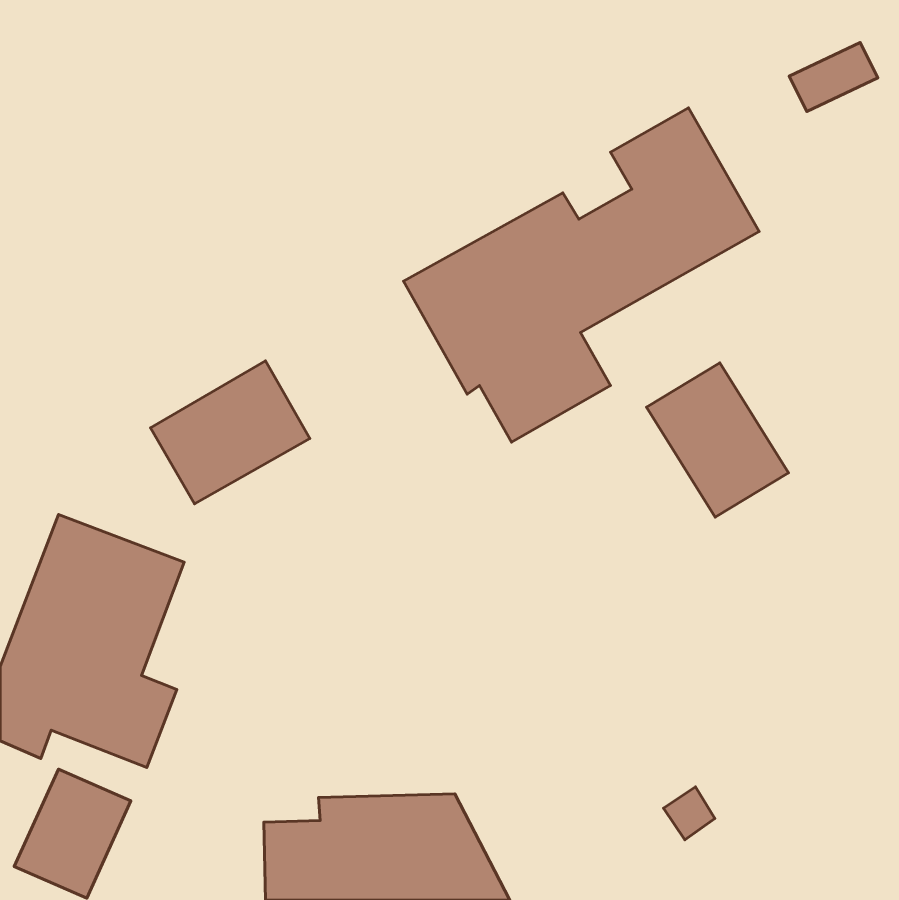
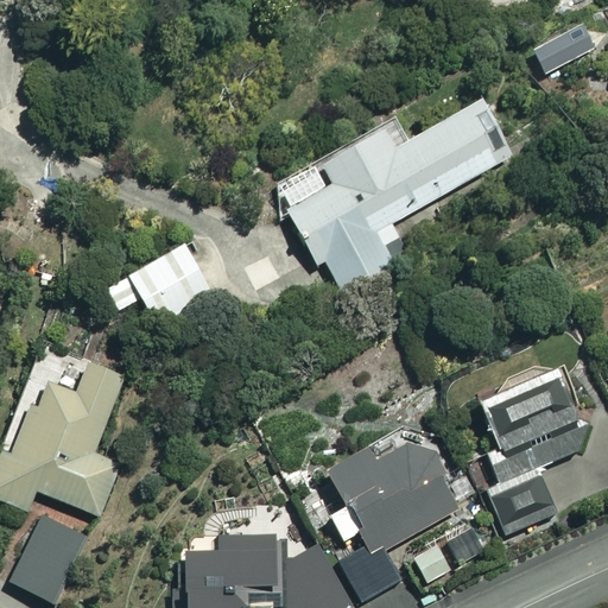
building: [646,363,789,517] -> none
building: none -> [471,362,588,533]
building: none -> [324,423,457,600]

